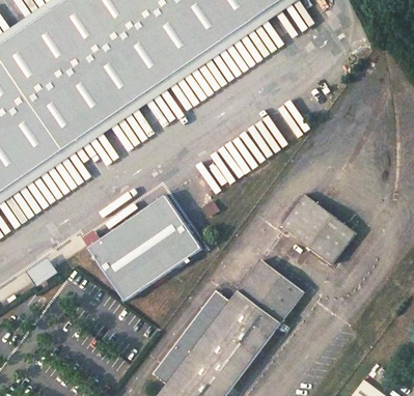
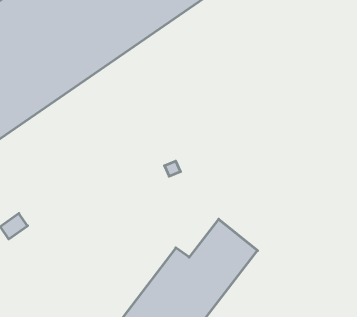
building: [84,189,205,304] -> none
building: [281,196,356,265] -> none

